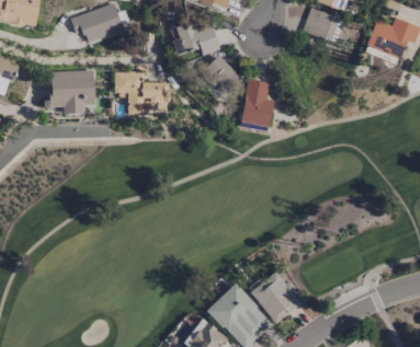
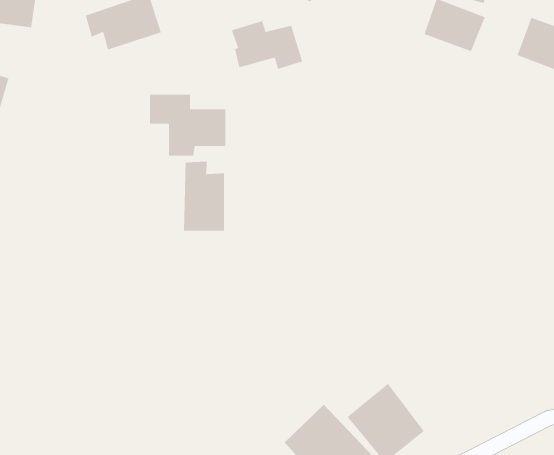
building: [202,55,240,93] -> none
building: [47,70,95,114] -> none
building: [240,79,274,127] -> none
building: none -> [183,161,225,231]

